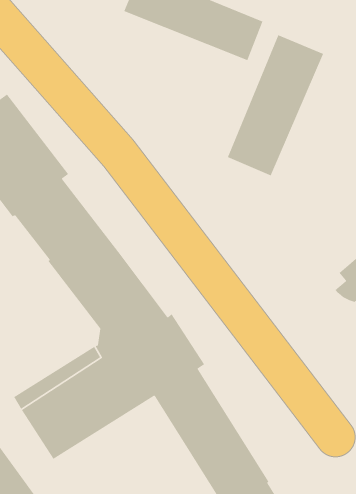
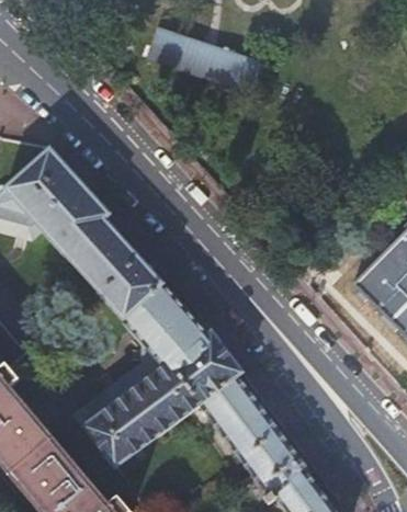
building: [227,34,324,177] -> none

